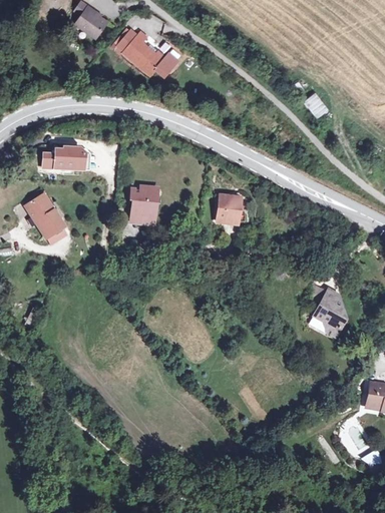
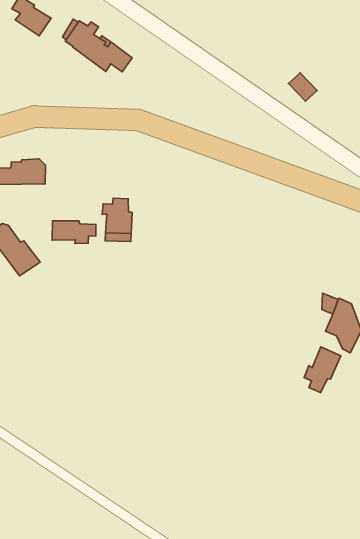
building: none -> [52,221,96,243]
building: [218,198,241,226] -> none
building: none -> [304,347,341,393]

